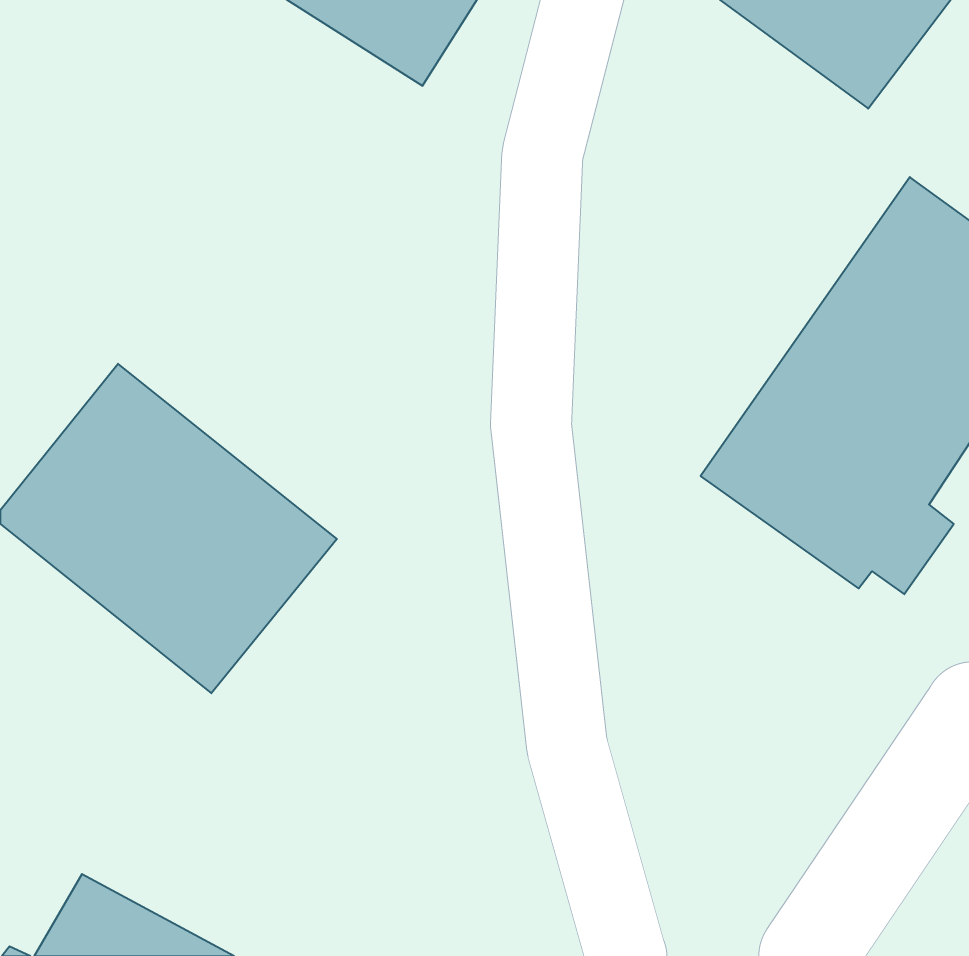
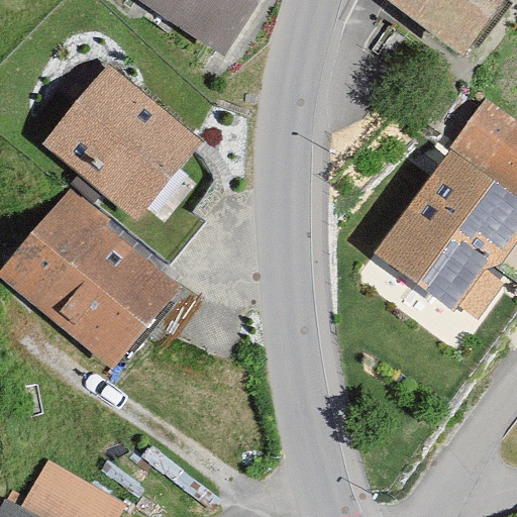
building: none -> [45,65,201,218]

